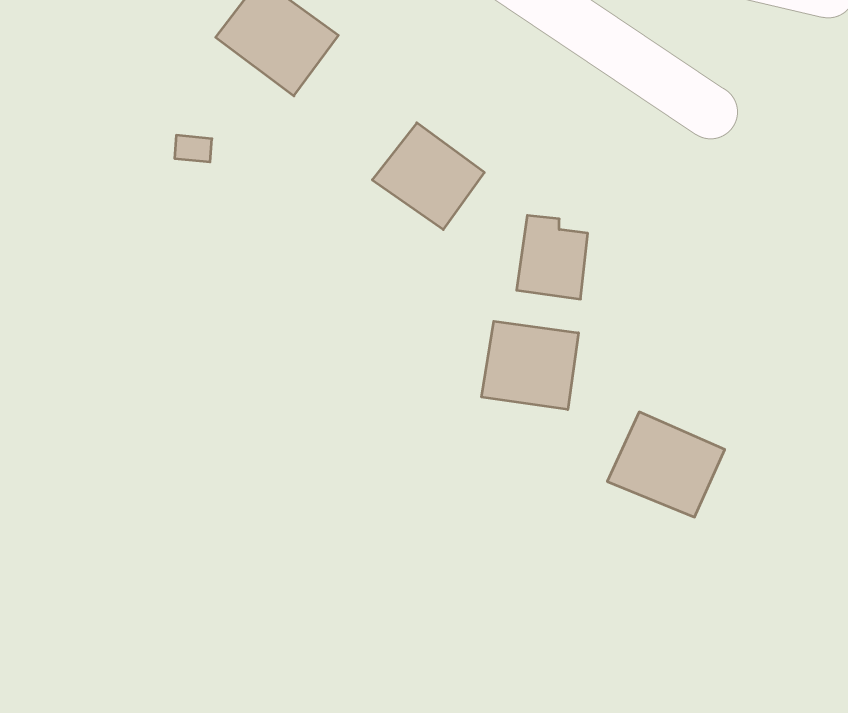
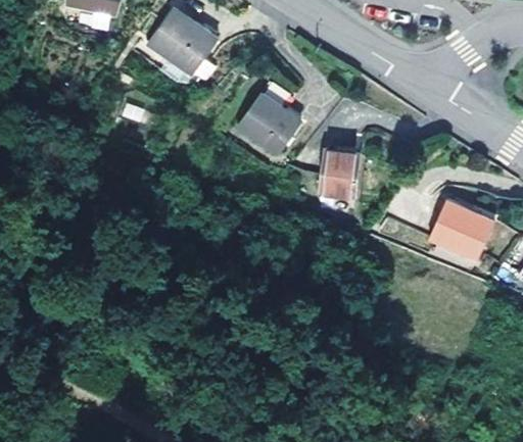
building: [482,321,578,410] -> none
building: [607,412,725,517] -> [427,198,494,258]

